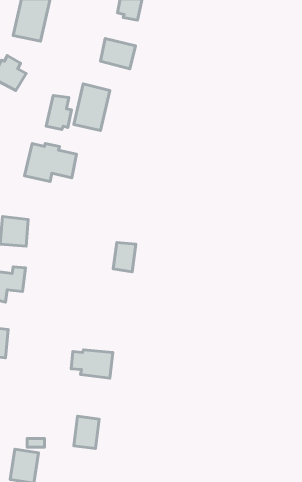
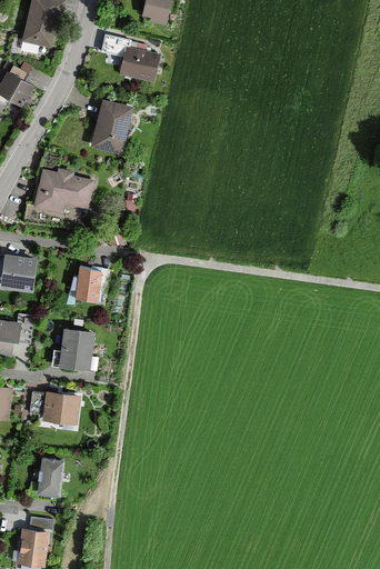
building: [46,95,71,130] -> none
building: [113,242,136,272] -> [76,268,102,302]
building: none -> [60,330,94,372]
building: [71,350,113,378] -> [29,392,78,426]
building: [74,416,99,449] -> [37,460,67,498]

